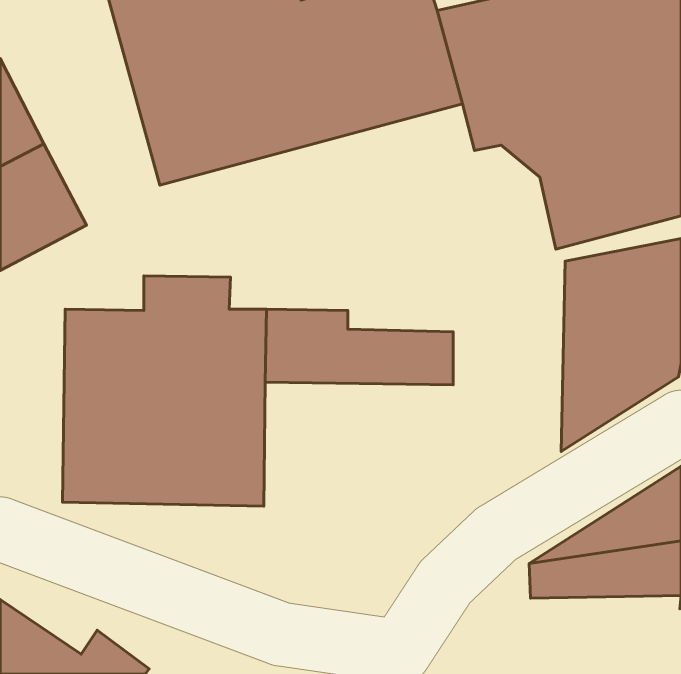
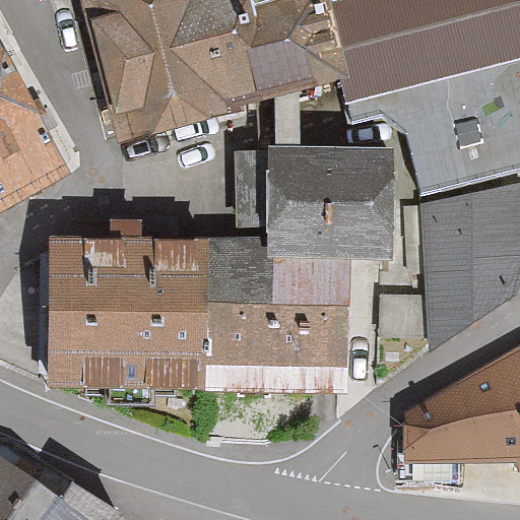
building: none -> [239,147,394,253]
building: none -> [201,291,345,392]

